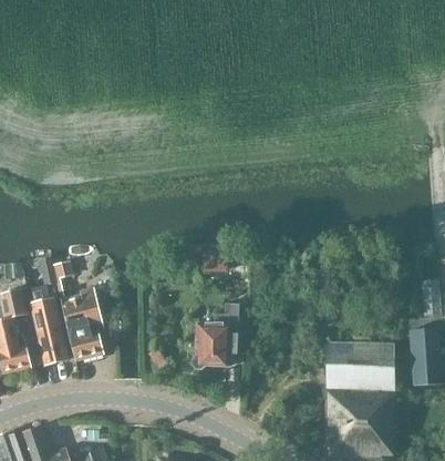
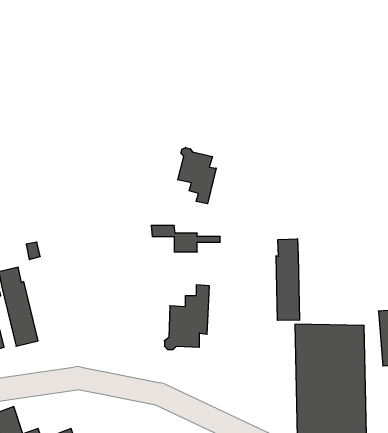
building: none -> [178,147,216,204]
building: none -> [276,239,299,320]
building: [60,287,104,360] -> none

